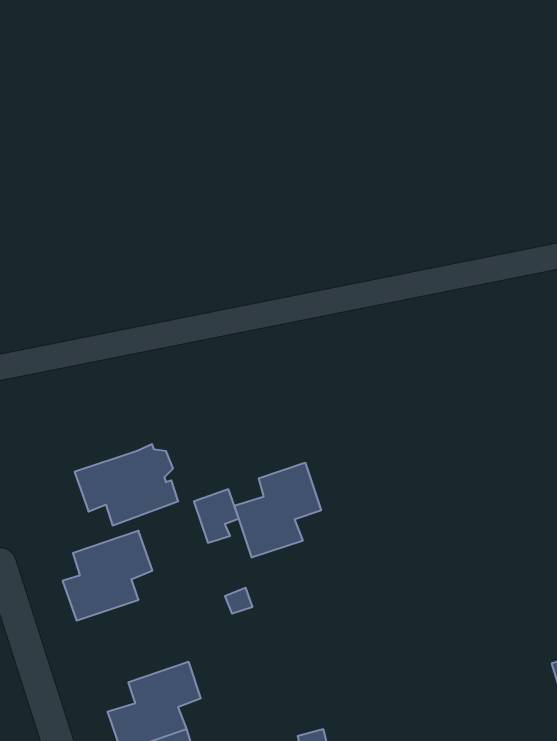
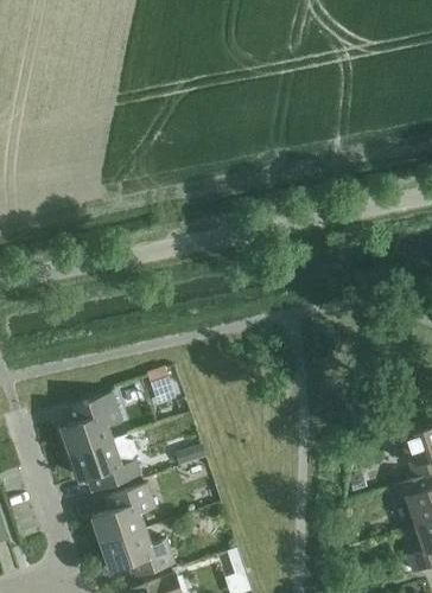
building: [75,444,178,525] -> [69,438,140,493]
building: [234,463,321,558] -> none

